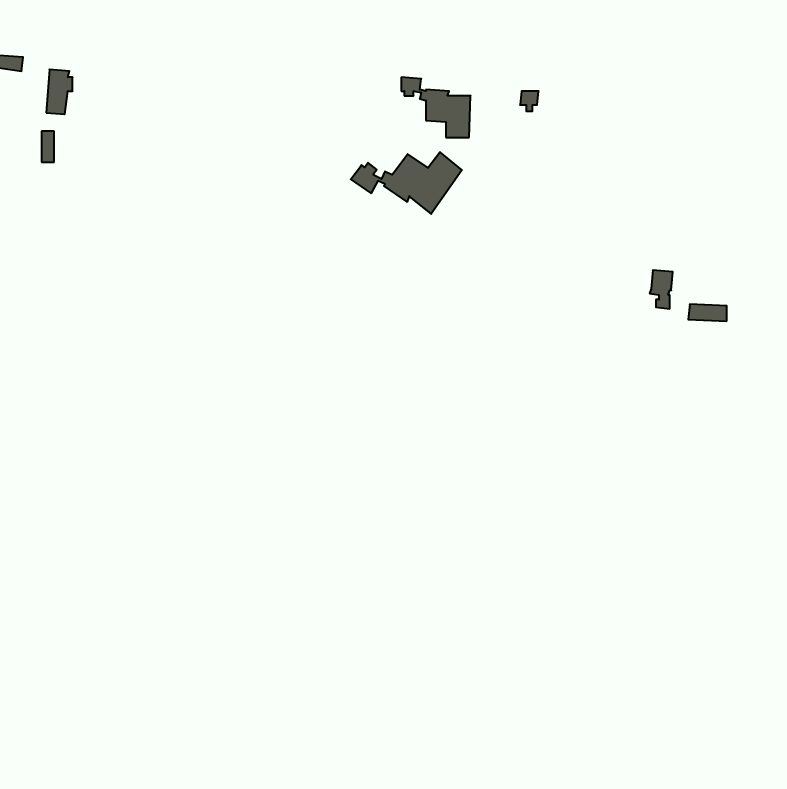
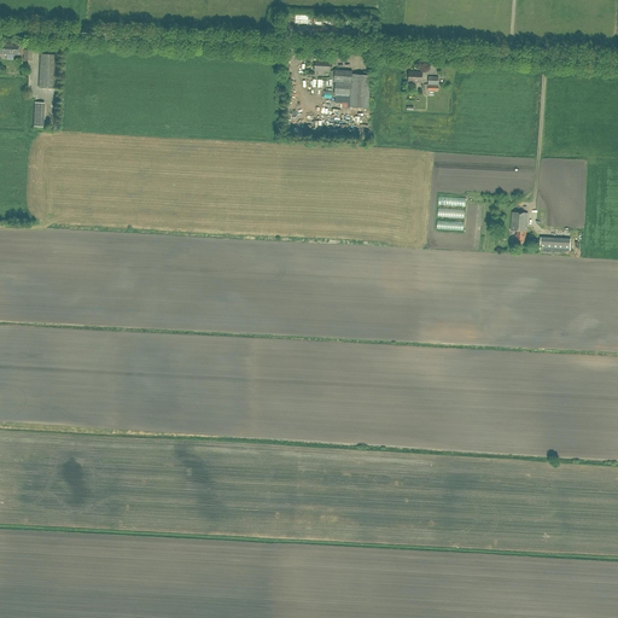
building: [351,152,462,214] -> none

